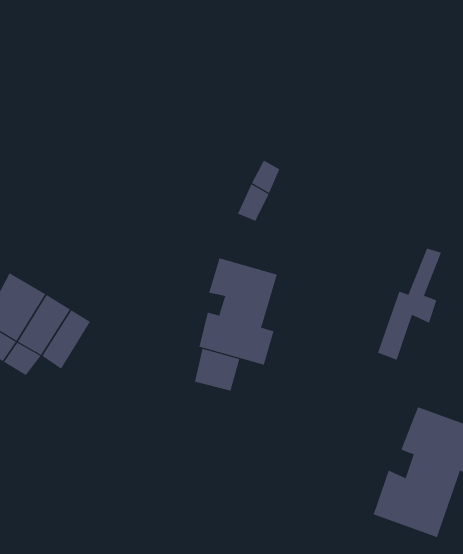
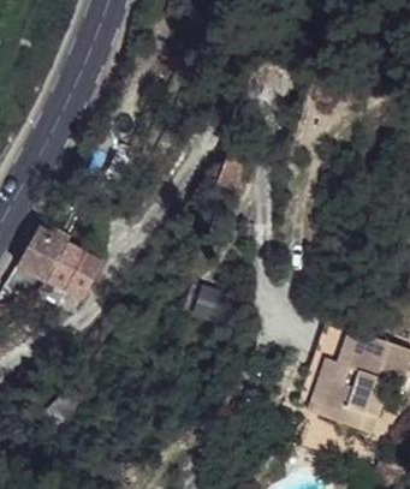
building: [377,248,442,360] -> [307,323,357,411]
building: [199,258,277,366] -> none

